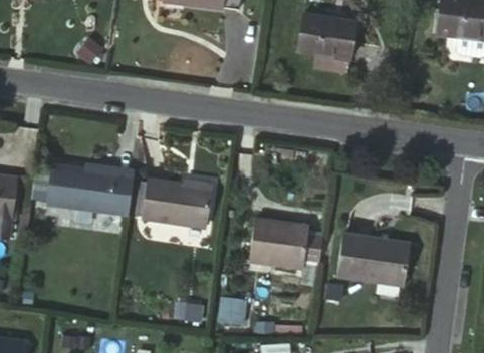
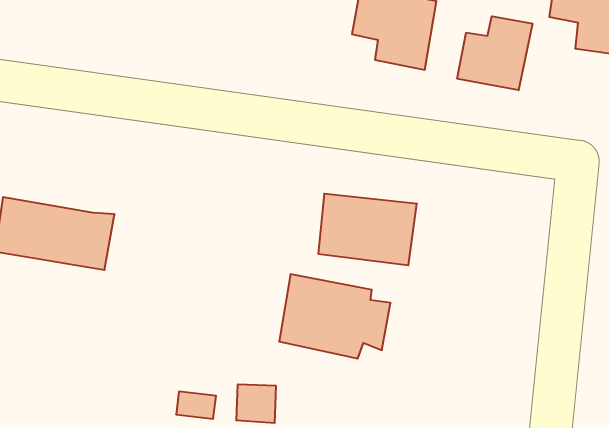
building: none -> [457,16,532,90]
building: [146,174,213,229] -> none
building: [337,233,407,283] -> [318,194,417,265]

